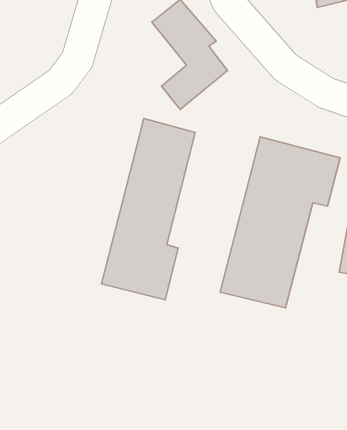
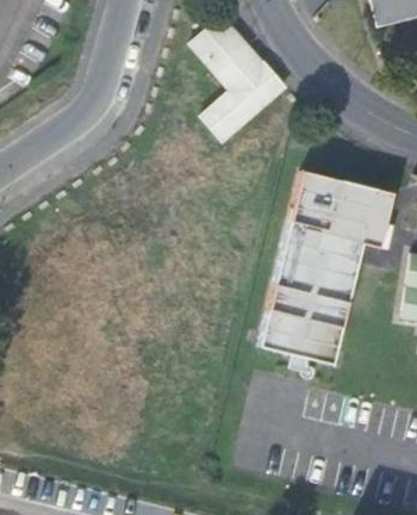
building: [101,118,195,300] -> none

